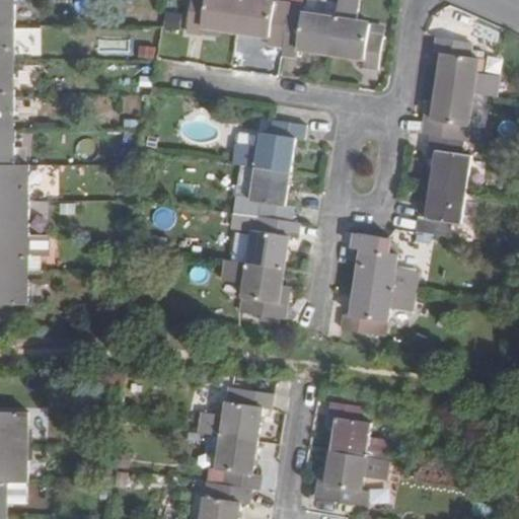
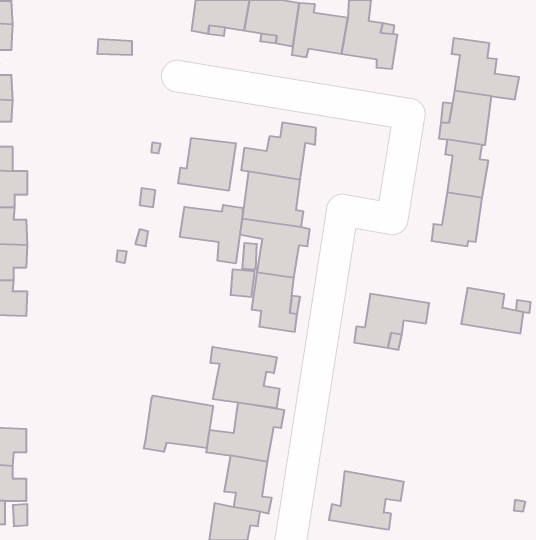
building: none -> [178,138,236,191]
building: none -> [180,205,243,263]
building: [355,247,415,291] -> [461,288,524,333]
building: none -> [211,347,279,408]
building: none -> [144,396,213,452]
building: [329,404,390,462] -> none

